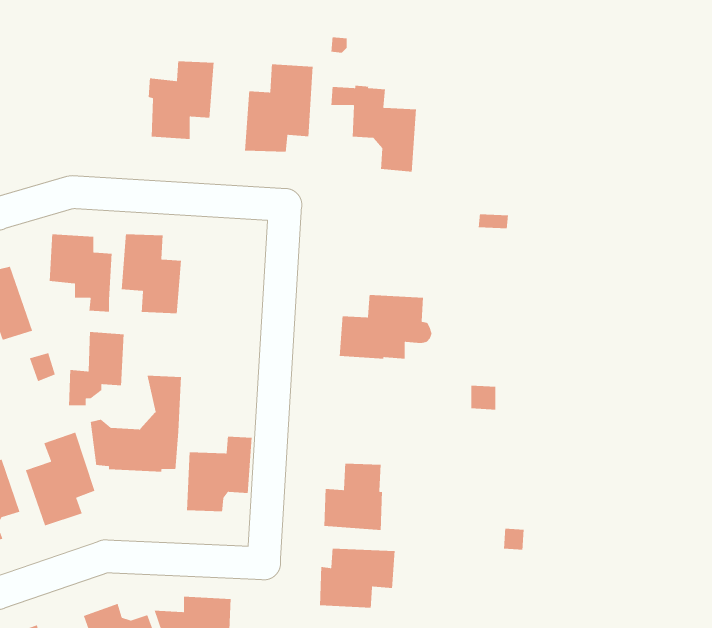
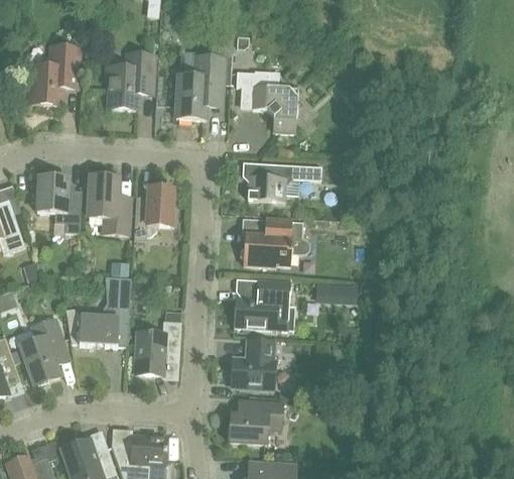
building: none -> [30,45,80,104]
building: none -> [242,161,320,201]
building: [68,331,125,406] -> [133,186,173,239]
building: none -> [233,279,295,330]

